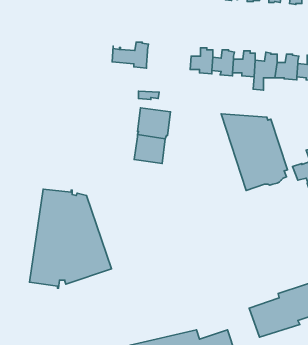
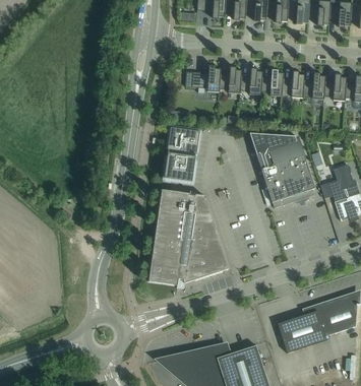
building: [112,42,148,68] -> [185,66,221,91]
building: [30,189,111,288] -> [148,189,229,286]

